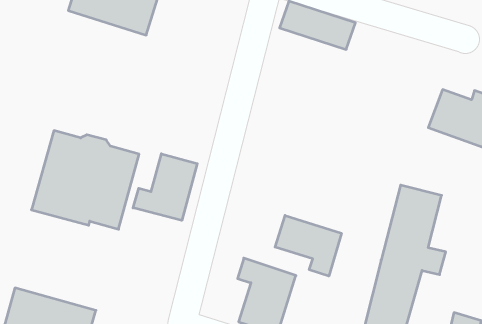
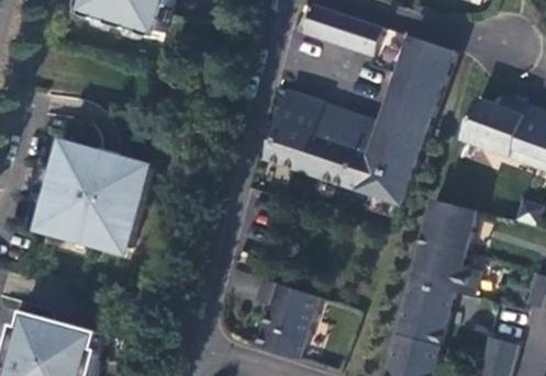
building: none -> [263,37,454,204]
building: [133,154,197,220] -> none
building: [275,215,341,276] -> none

